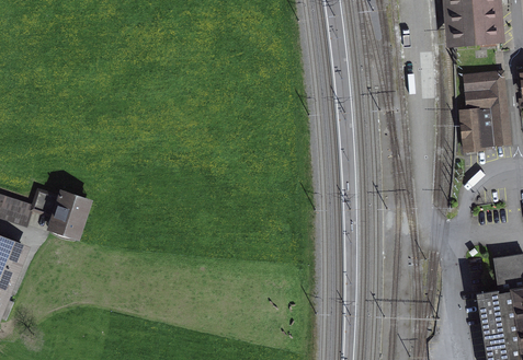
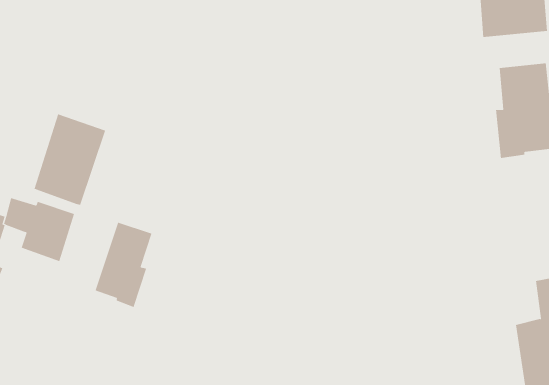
building: none -> [34,113,106,206]
building: none -> [95,222,152,308]

